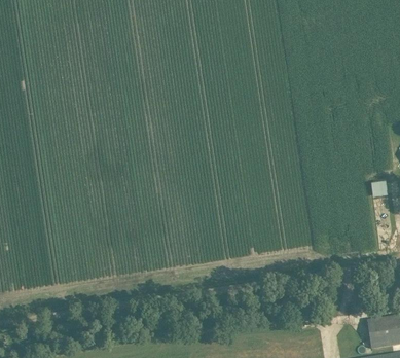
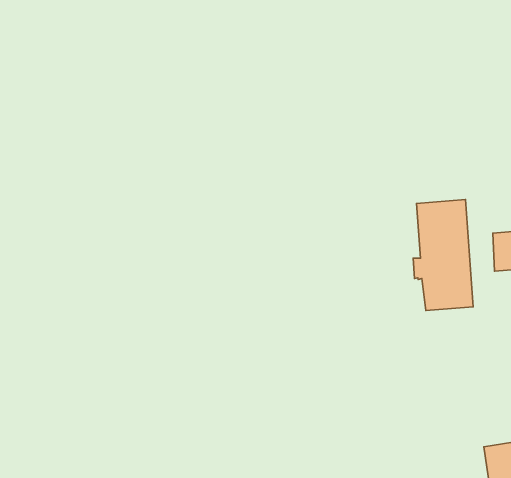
building: none -> [413,199,473,311]

